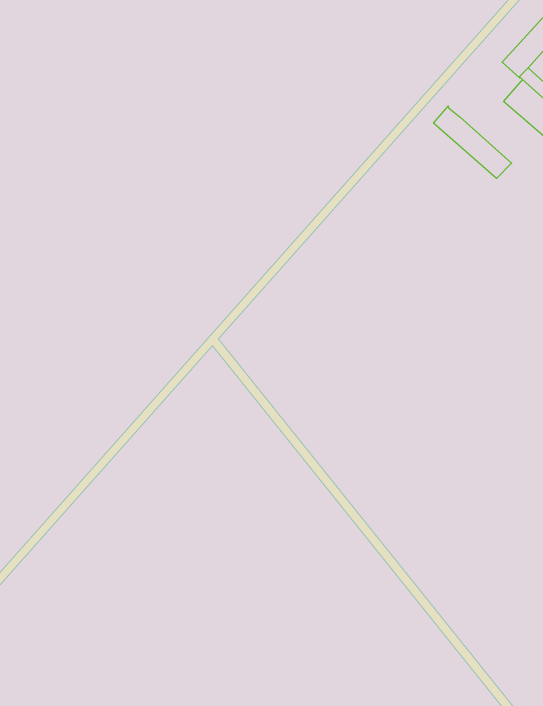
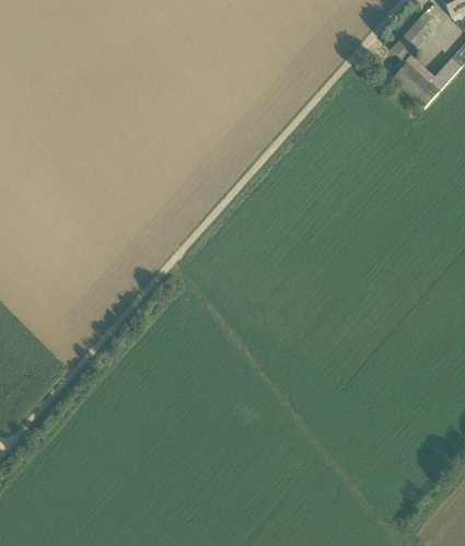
building: [434,106,512,178] -> none

